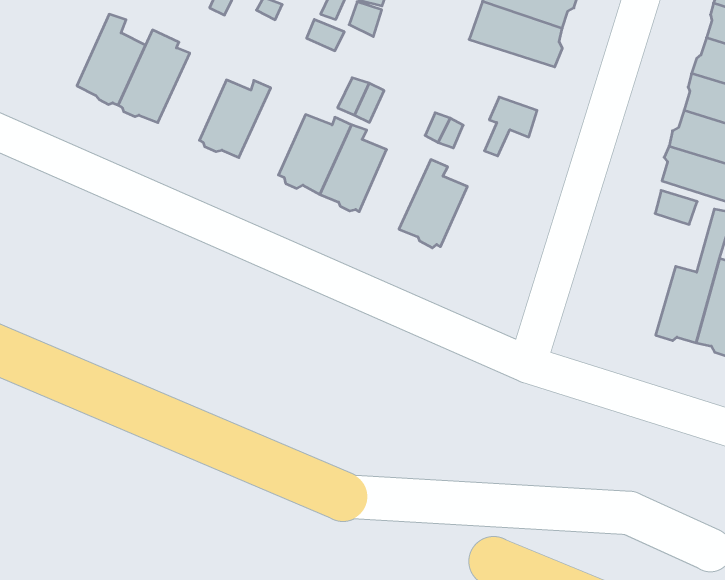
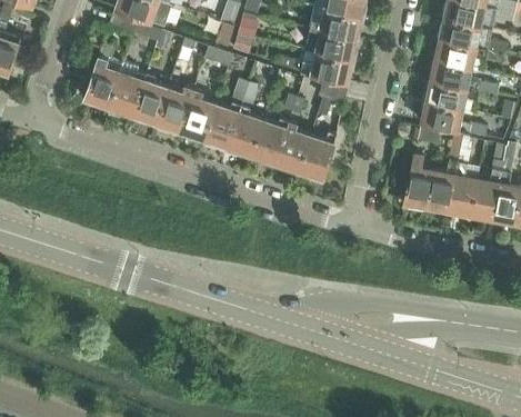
building: none -> [278,51,353,82]
building: none -> [131,73,168,123]
building: none -> [179,89,214,139]
building: none -> [250,118,288,162]
building: none -> [298,132,335,178]
building: none -> [402,155,432,209]

